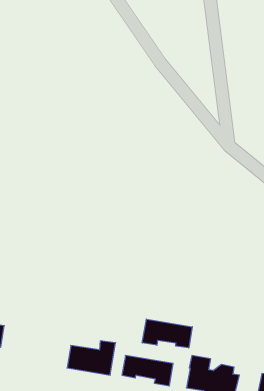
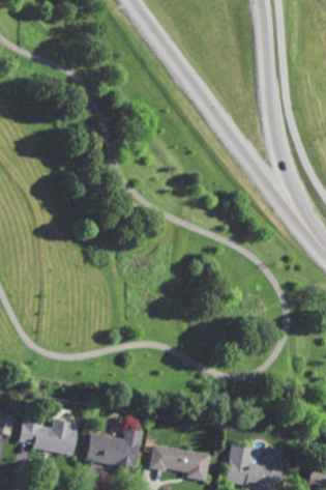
building: [142,319,192,348] -> none
building: none -> [18,420,78,456]

